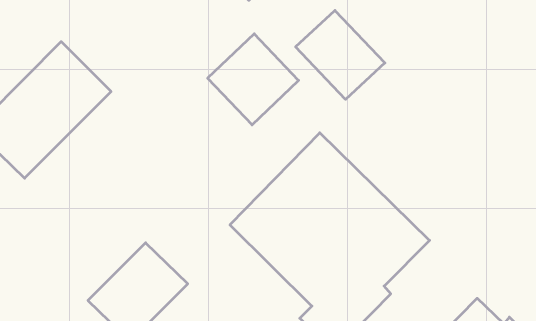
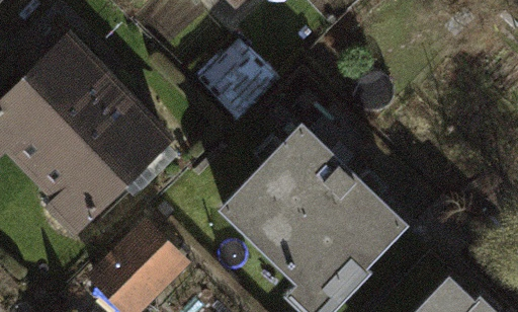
building: [296,10,385,99] -> none
building: none -> [35,88,169,220]

